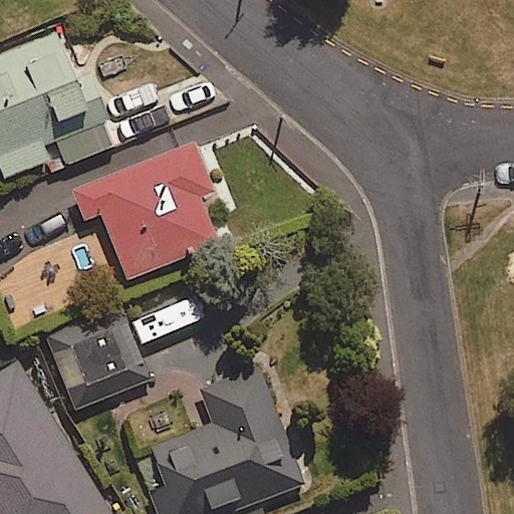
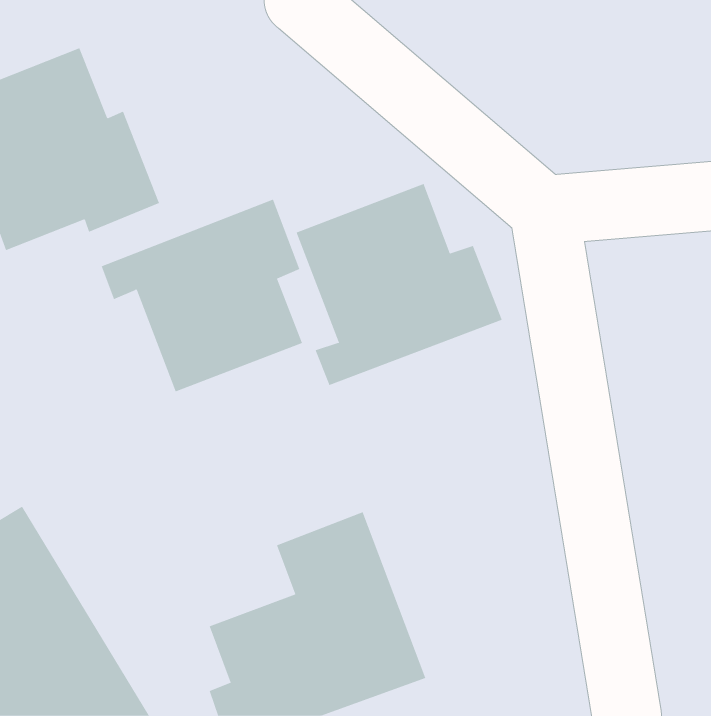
building: none -> [296,183,503,386]
building: [42,308,148,411] -> none

